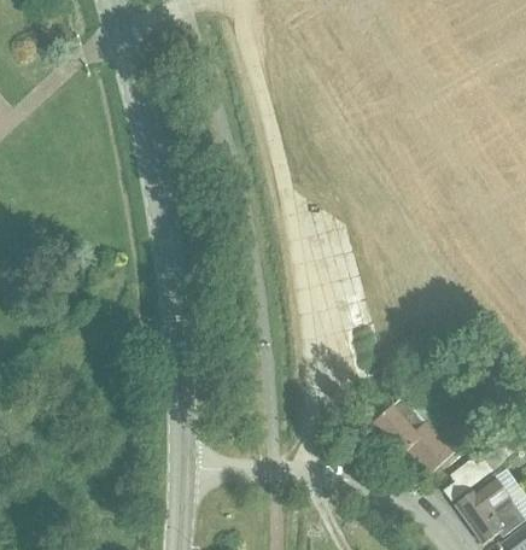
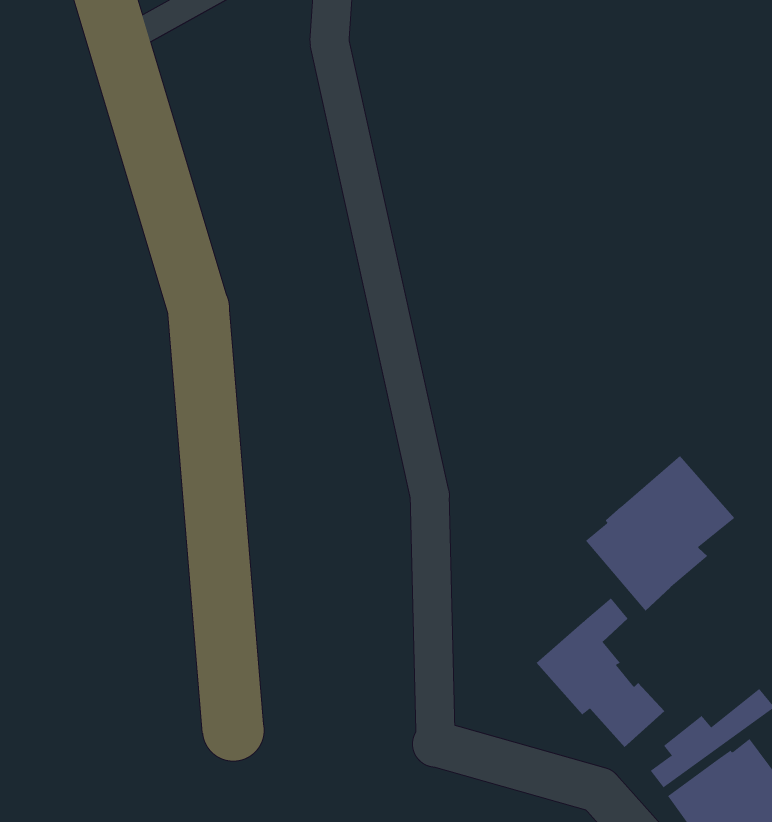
building: none -> [585,455,735,611]

